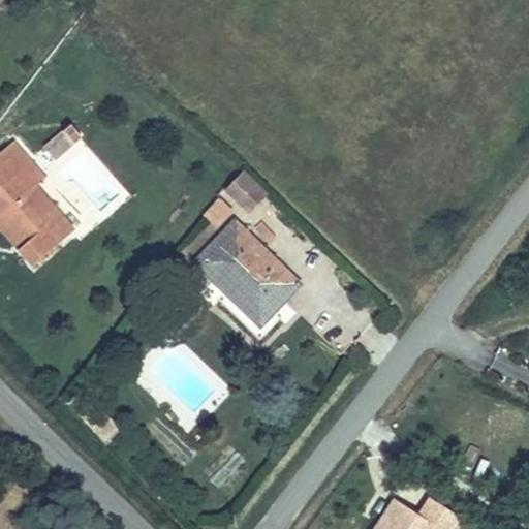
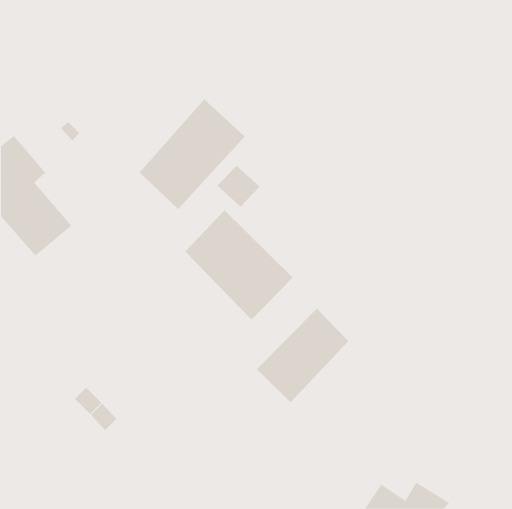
building: none -> [139,98,245,210]
building: none -> [256,308,349,403]

